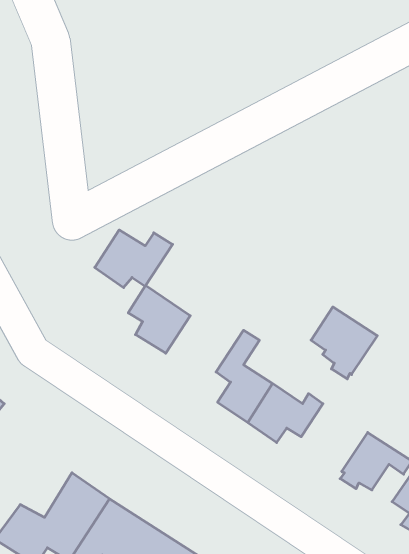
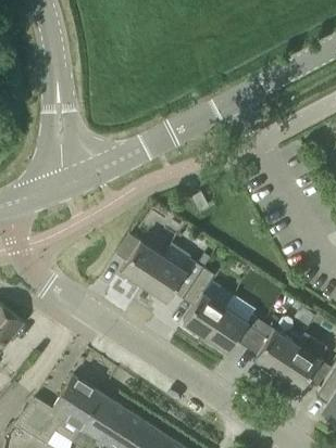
building: [95,230,173,288] -> [145,256,203,299]
building: [311,307,377,379] -> [247,322,297,376]

